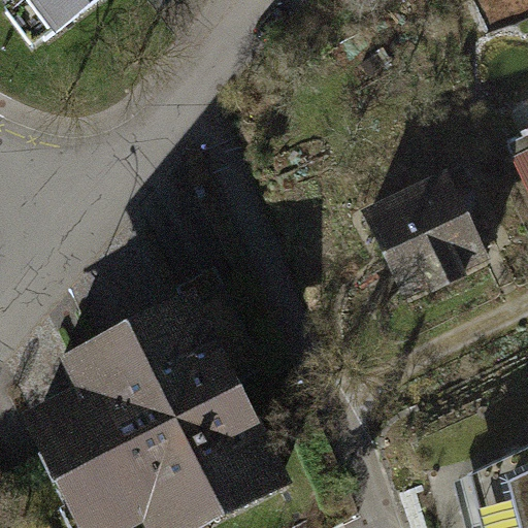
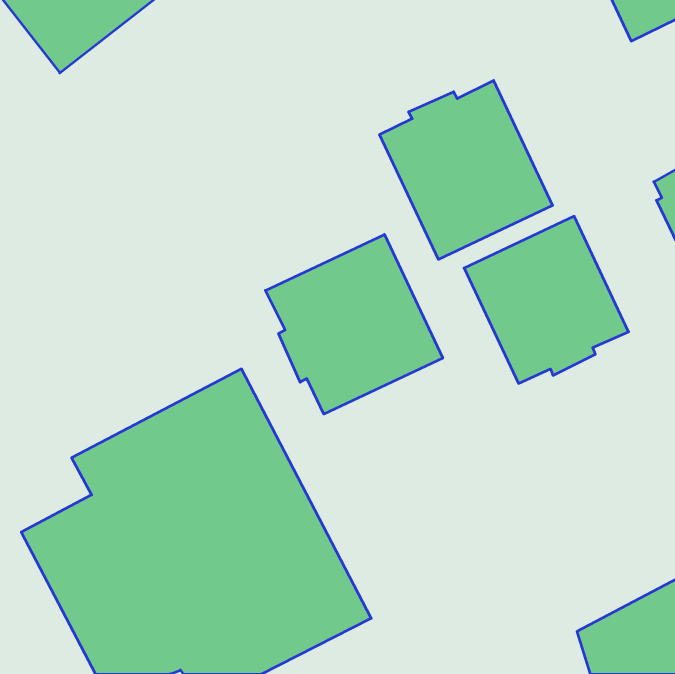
building: none -> [380,80,553,259]
building: none -> [265,234,443,414]

